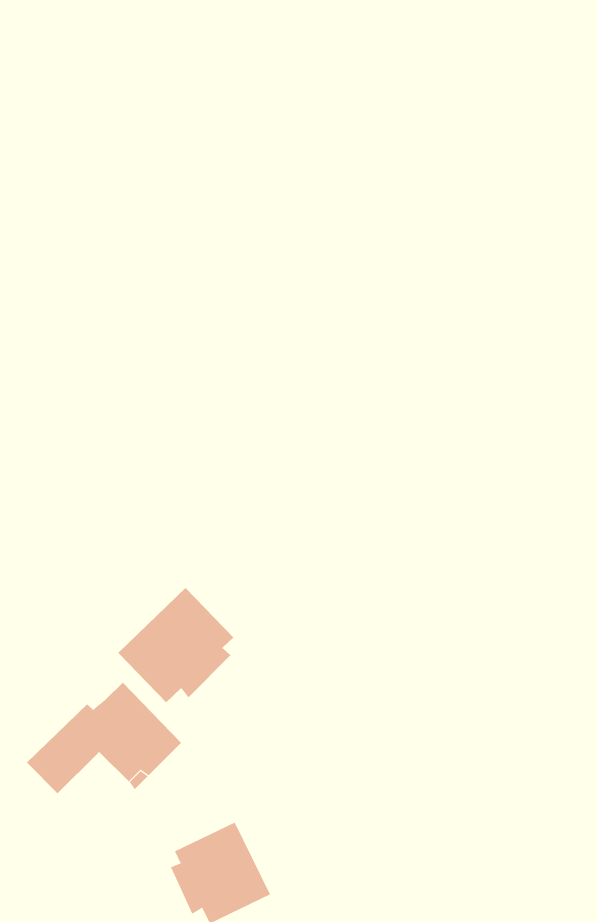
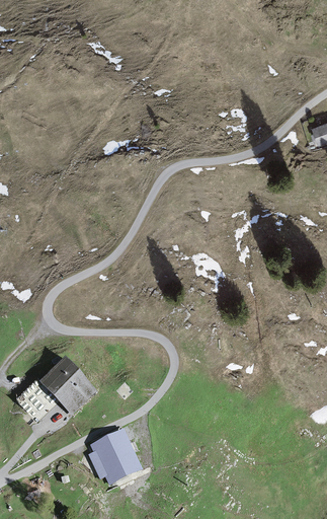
building: [117,587,234,703] -> none

